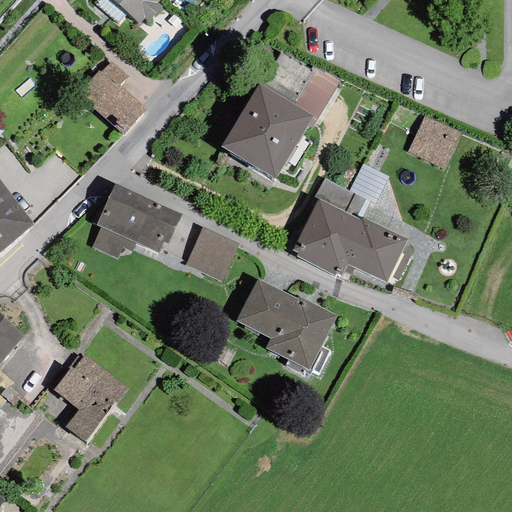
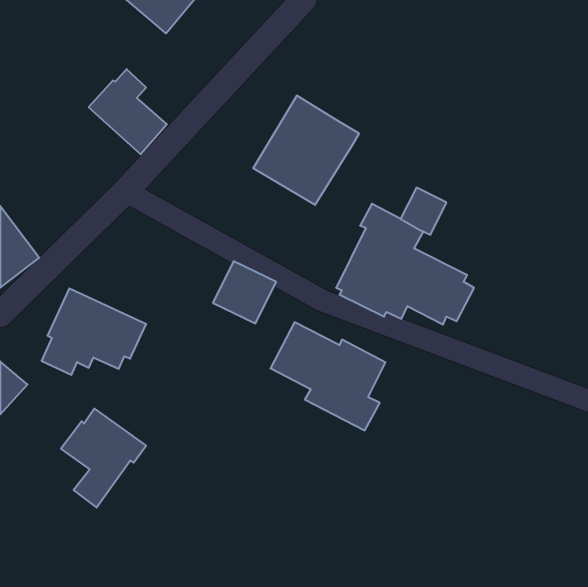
building: [292,67,339,128] -> none
building: [405,114,462,170] -> none
building: [91,183,182,258] -> [42,288,146,375]

